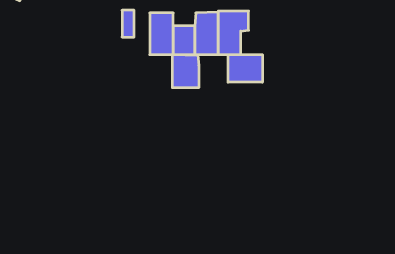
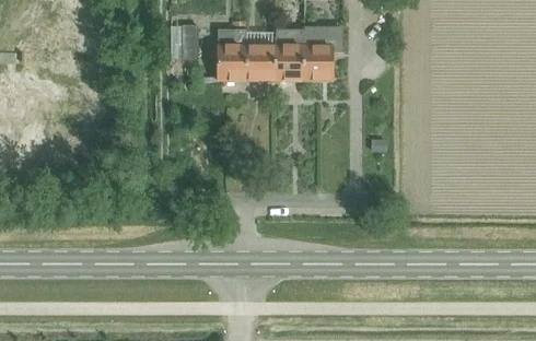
building: [172,55,199,88] -> none
building: [228,55,262,82] -> none

